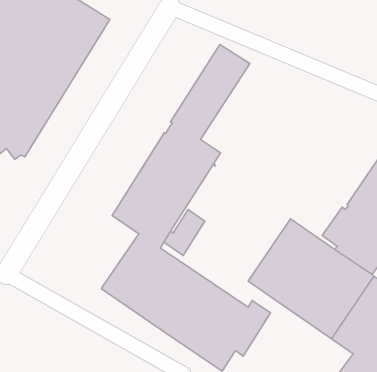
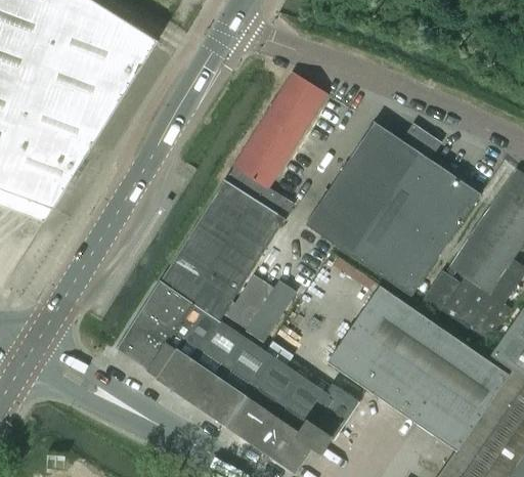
building: none -> [304,123,480,297]
building: none -> [116,280,192,370]
building: none -> [247,285,296,344]

